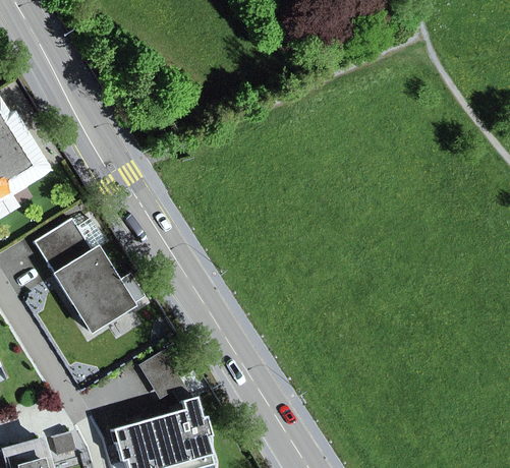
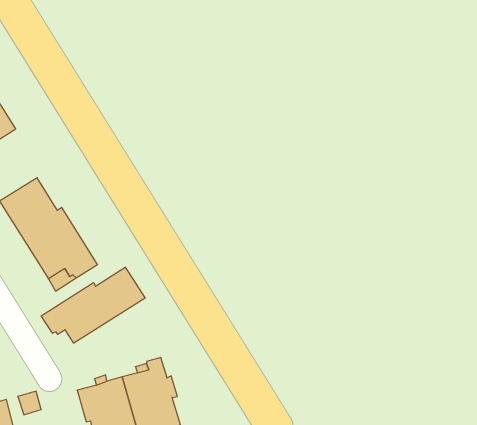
building: none -> [41,267,145,343]

